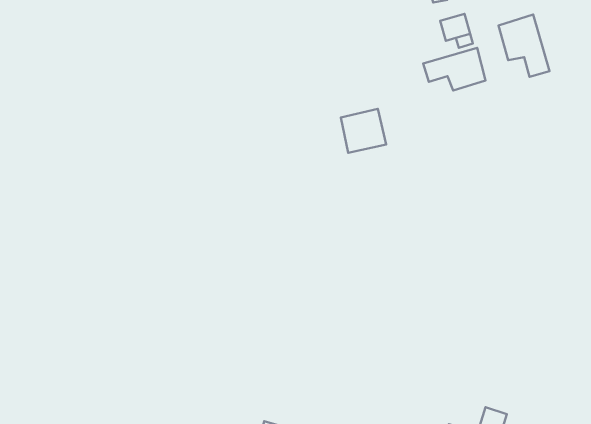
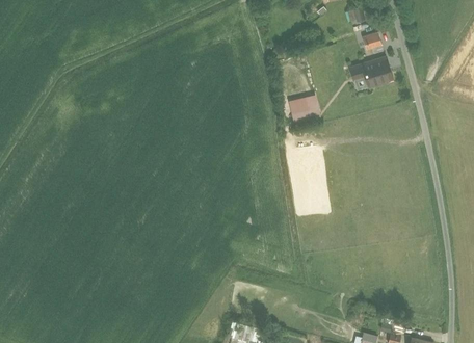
building: [499,15,550,77] -> none

